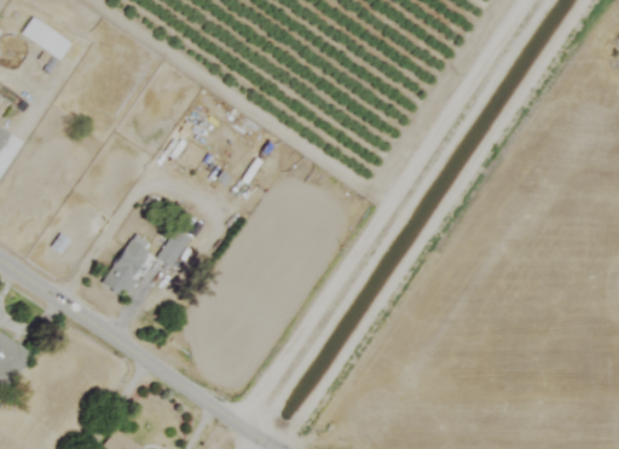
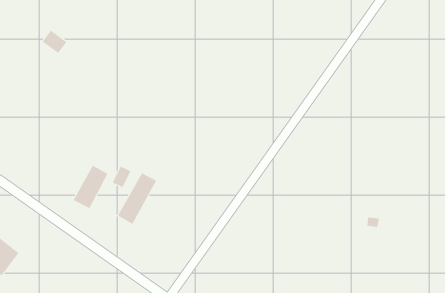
building: [30,22,65,54] -> [42,30,67,54]
building: none -> [117,172,157,225]

